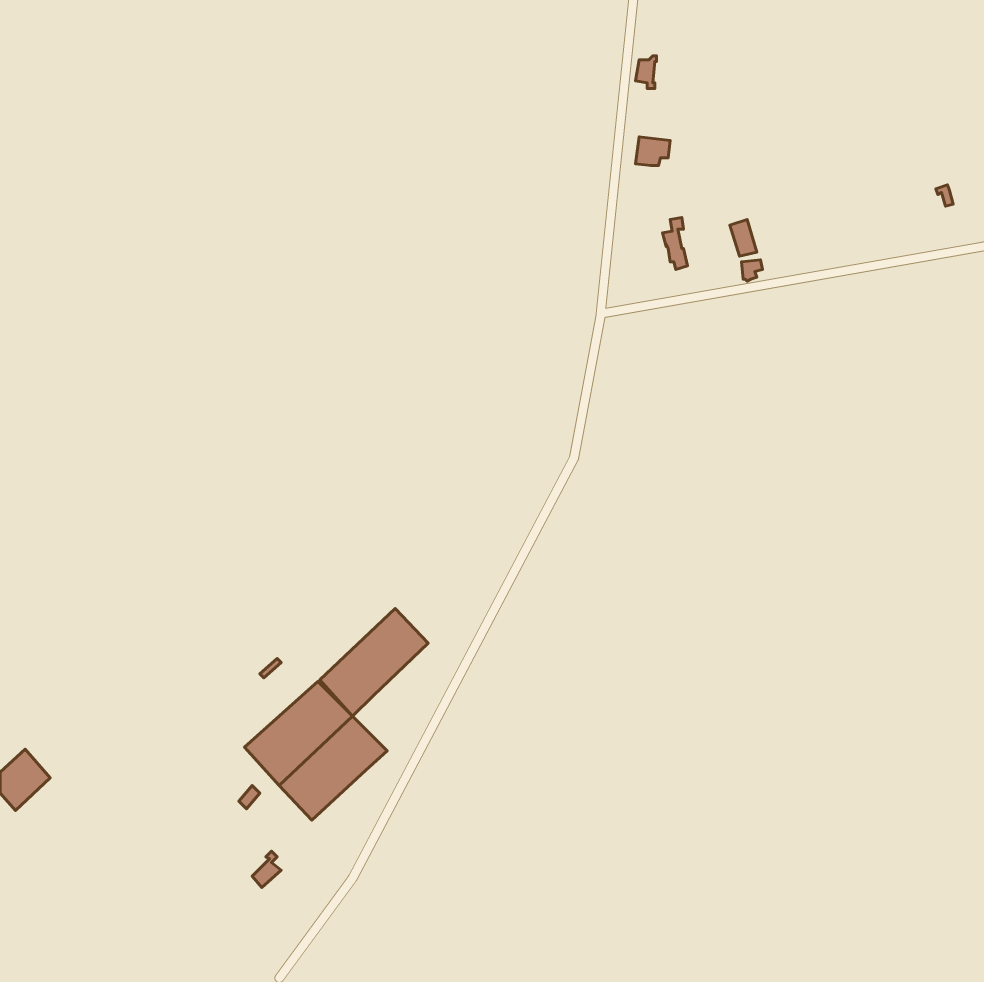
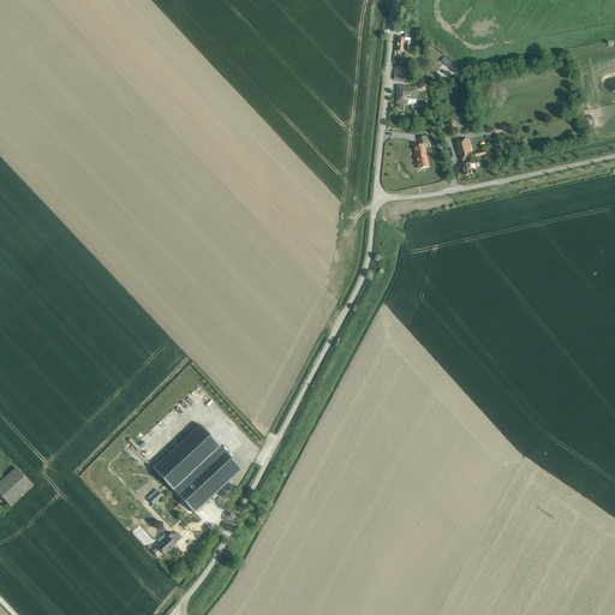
building: [320,608,428,716] -> none

